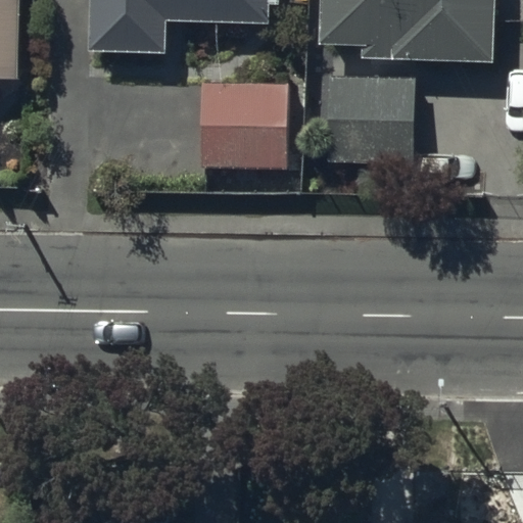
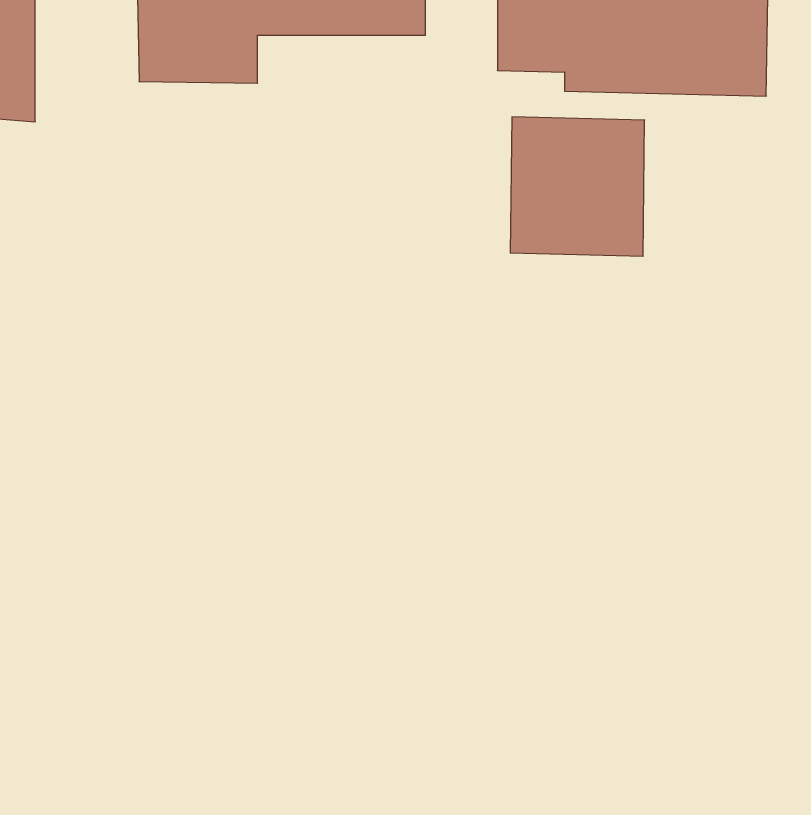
building: [199,82,289,169] -> none

